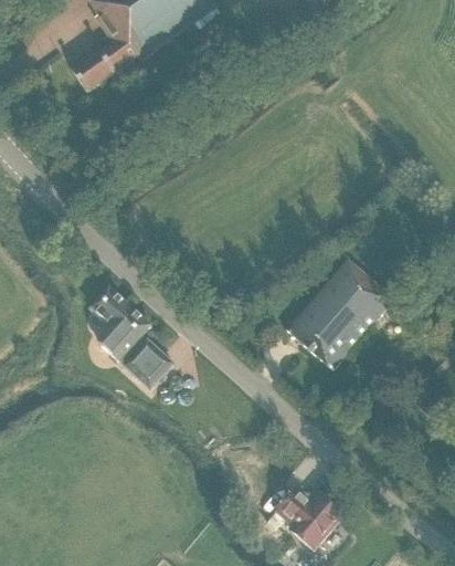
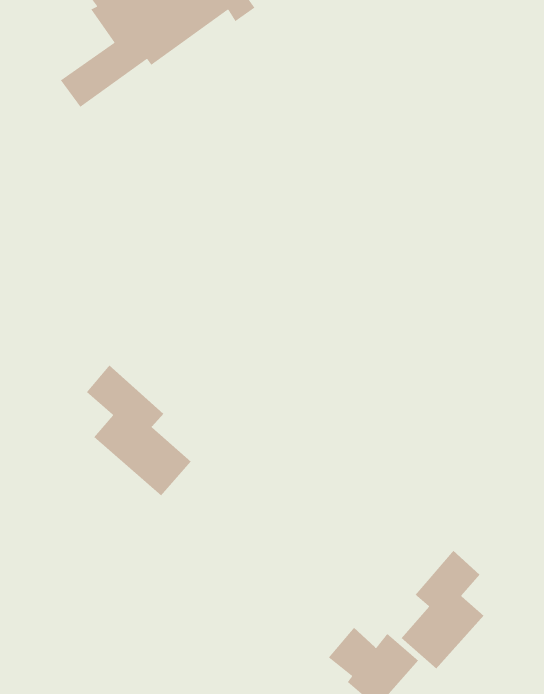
building: [286,256,392,366] -> none
building: none -> [401,550,484,670]

